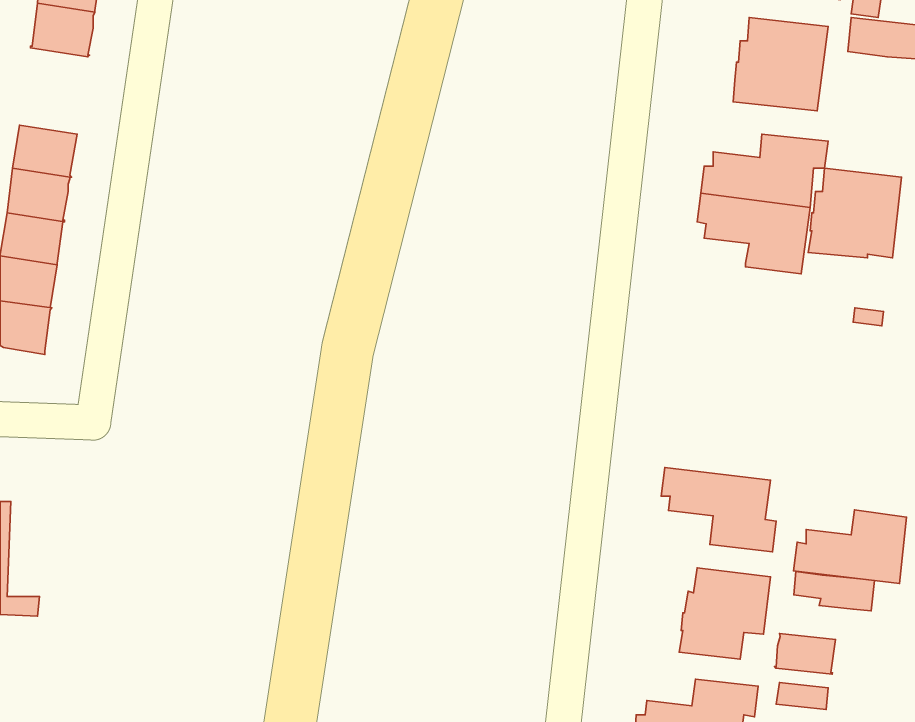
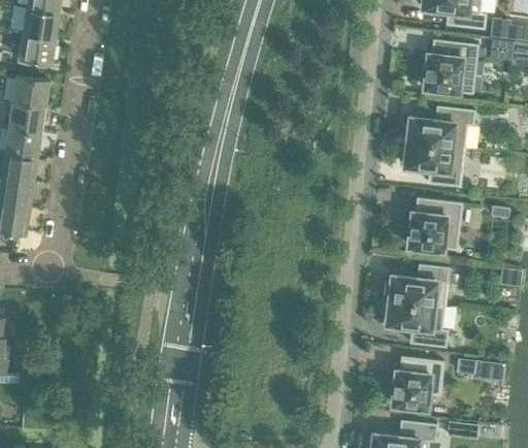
building: none -> [11,75,48,106]
building: [808,168,901,258] -> [406,197,460,249]
building: [794,510,907,583] -> [383,263,448,306]
building: [775,633,836,674] -> none

